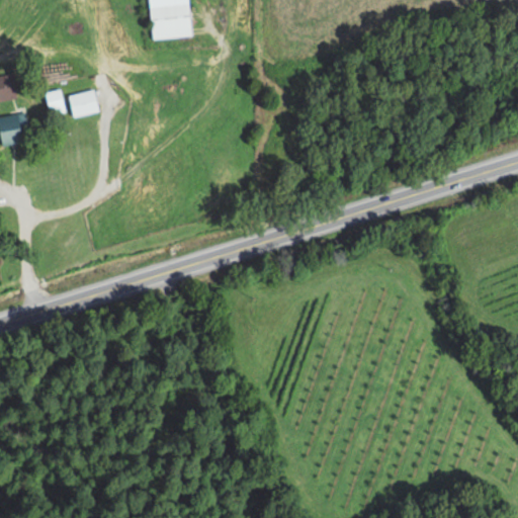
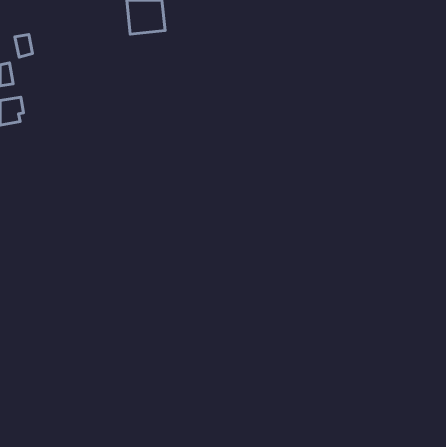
building: [45,89,65,115] -> [15,34,32,57]
building: [69,90,98,117] -> none

